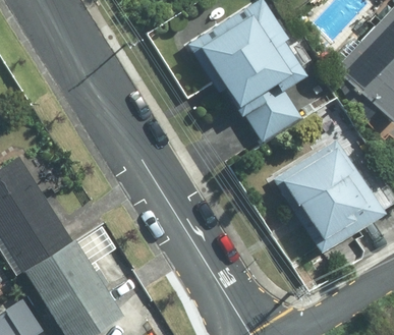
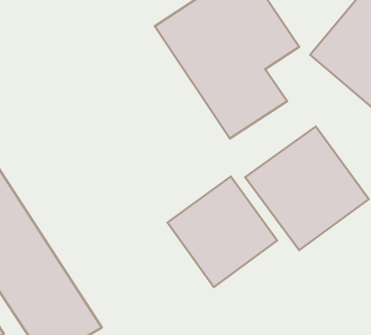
building: none -> [168,177,277,287]

